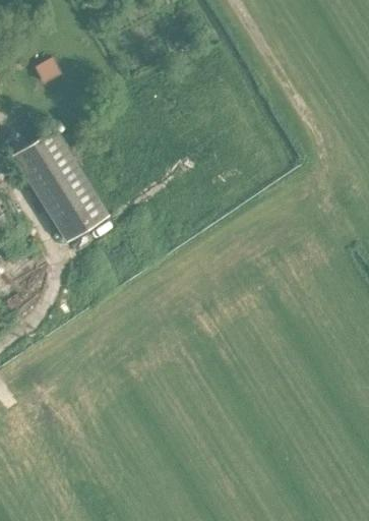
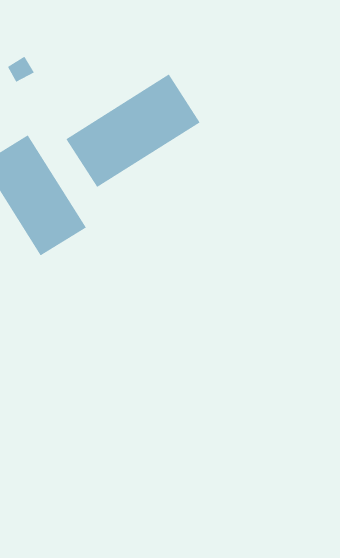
building: none -> [66,74,200,188]

